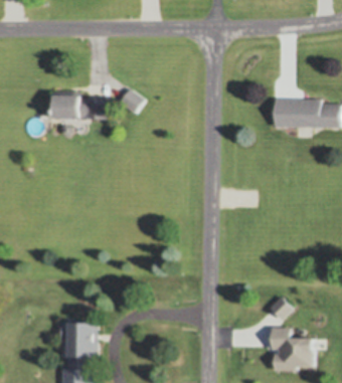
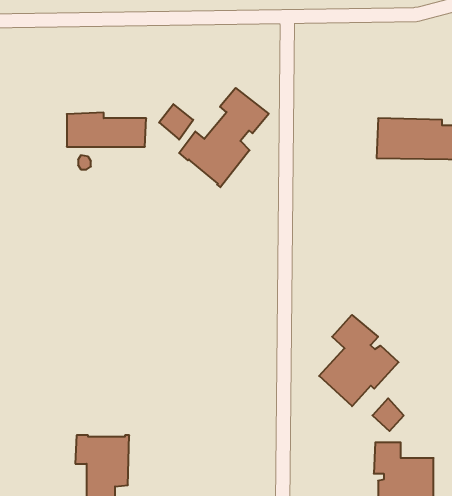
building: none -> [179,88,269,187]
building: none -> [319,315,399,406]

